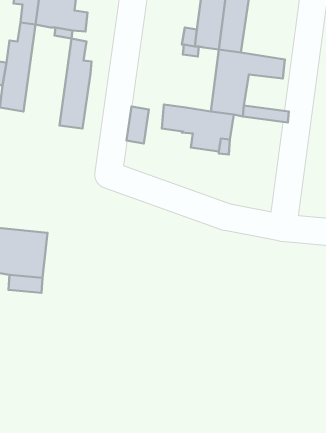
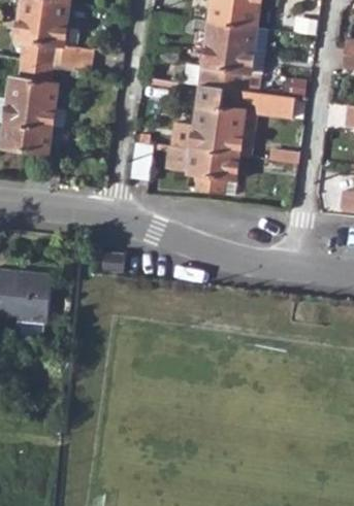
building: [60,38,92,129] -> [25,61,58,154]
building: none -> [192,85,226,150]

